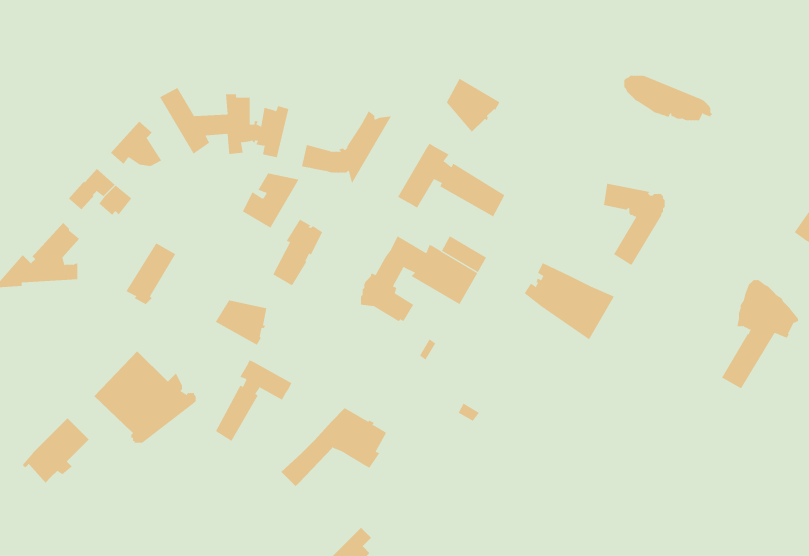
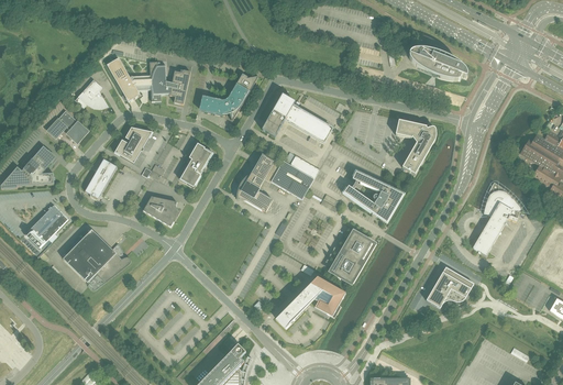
building: [446,78,500,132] -> none
building: [242,173,300,229] -> [114,127,152,163]
building: none -> [333,231,369,283]
building: [215,359,292,442] -> none
building: [280,408,387,487] -> [275,276,344,328]
building: none -> [424,266,473,307]
building: [22,418,89,483] -> [24,204,68,246]

